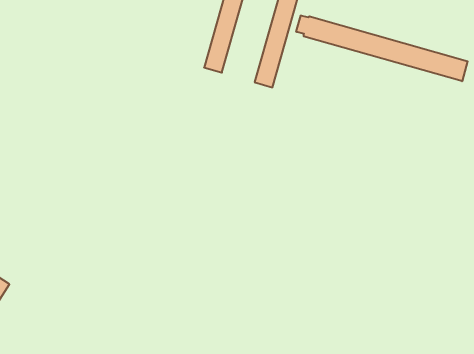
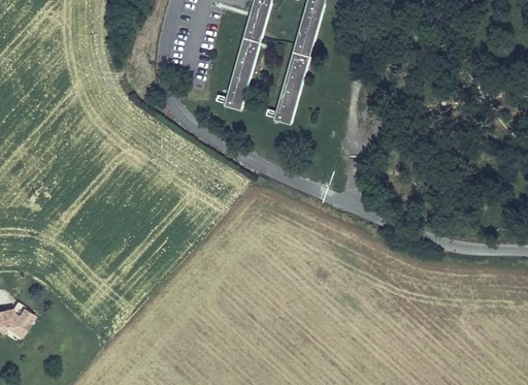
building: [296,15,468,81] -> none

